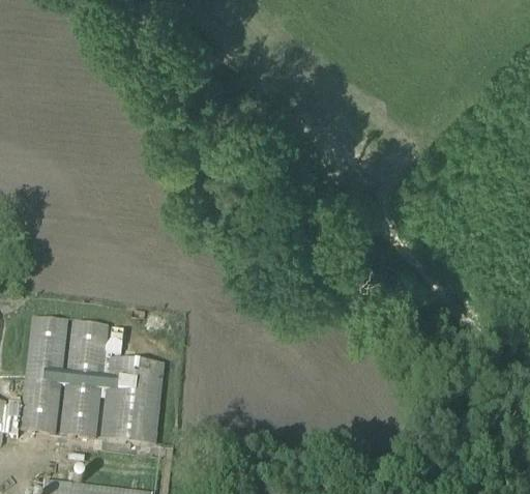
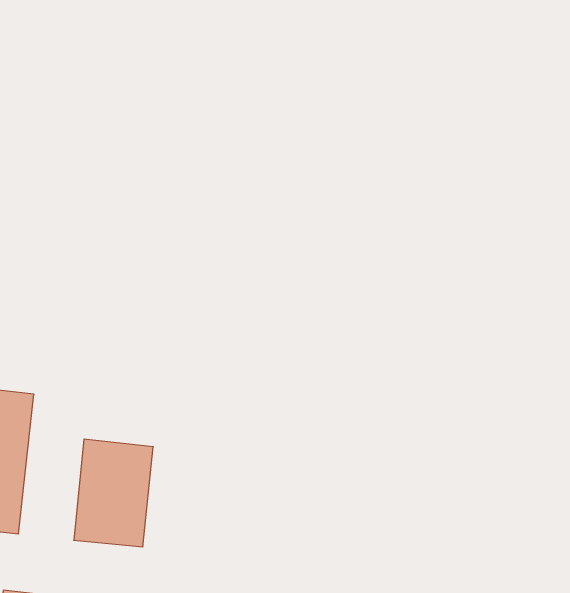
building: [60,322,109,439] -> none

